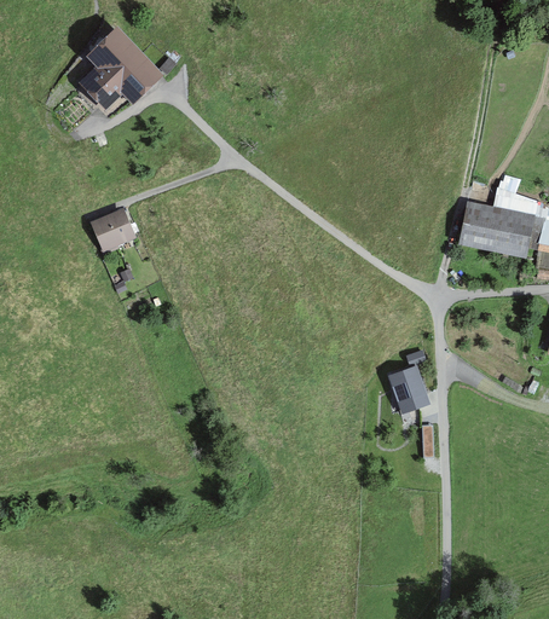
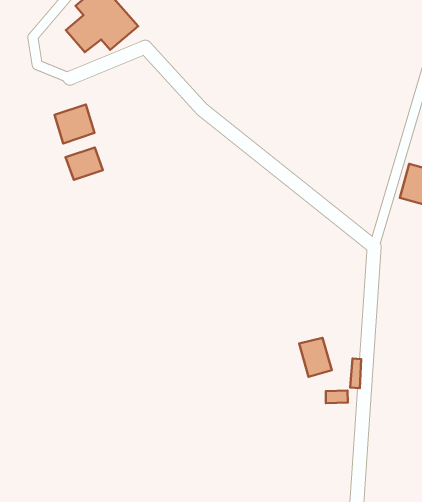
building: none -> [54,105,95,143]
building: [389,368,428,412] -> [299,338,332,377]

